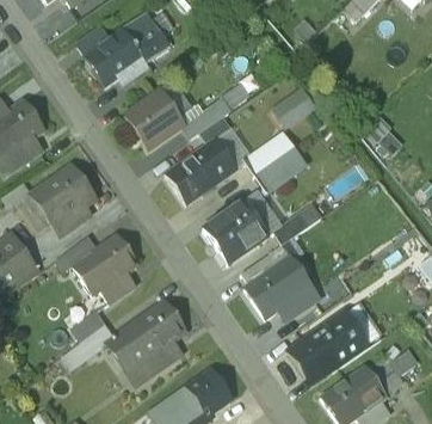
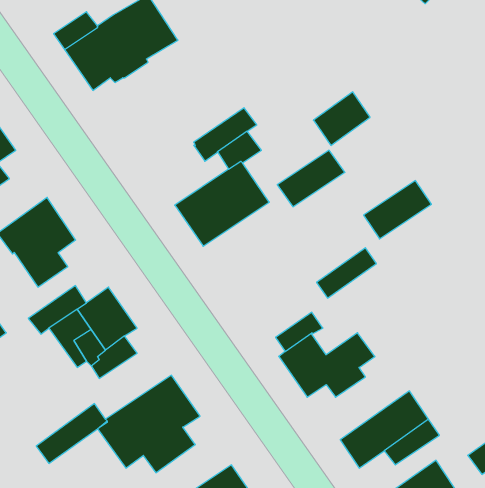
building: [125,92,183,149] -> none
building: [257,147,308,191] -> [364,181,431,239]
building: [203,198,270,264] -> none

